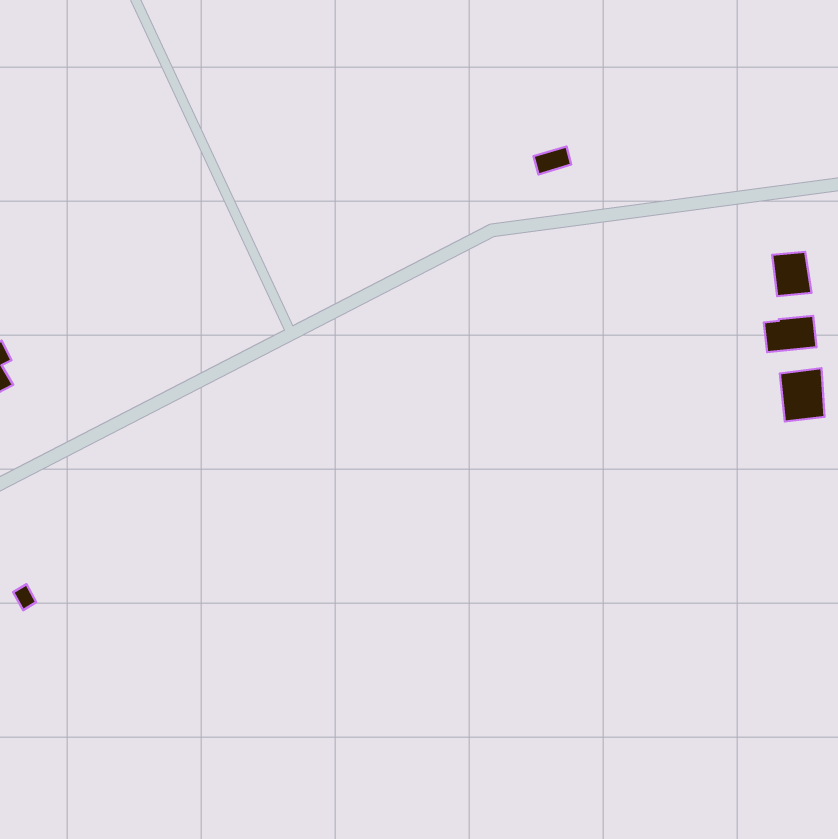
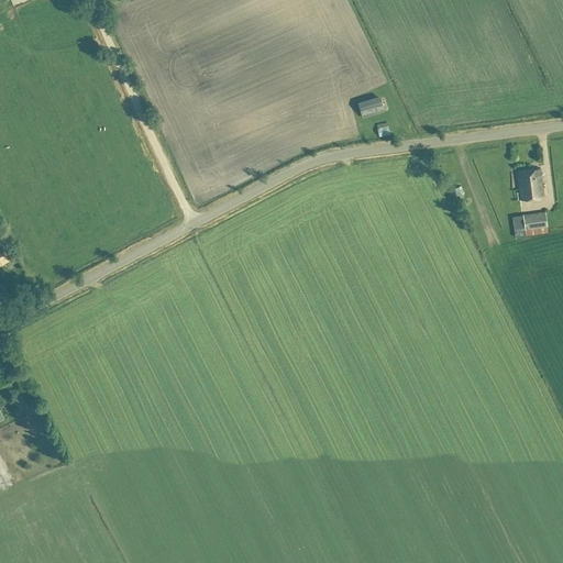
building: [780,368,825,422] -> none

